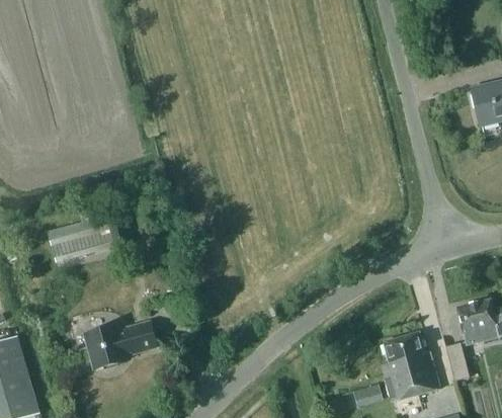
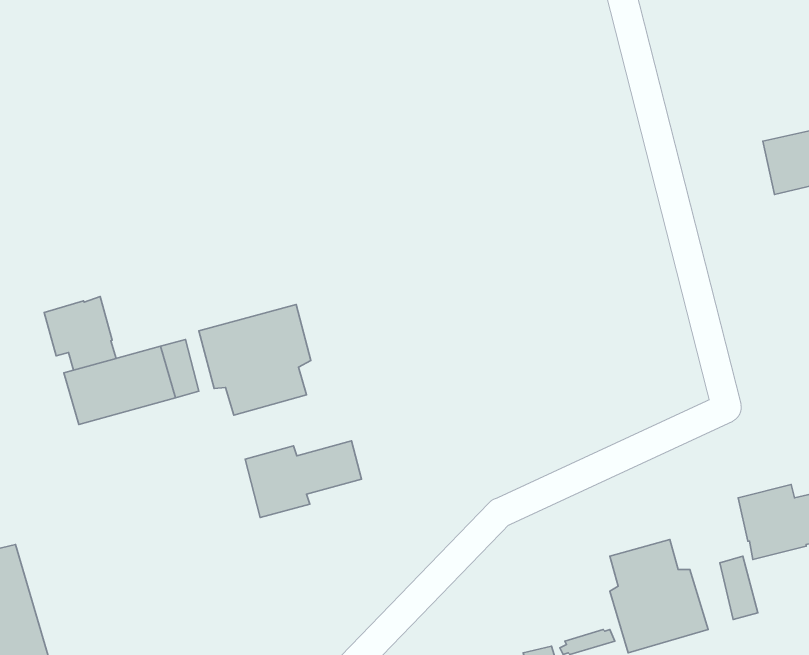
building: none -> [44,297,116,370]
building: none -> [199,304,311,415]
building: [84,323,155,369] -> [245,441,362,517]

